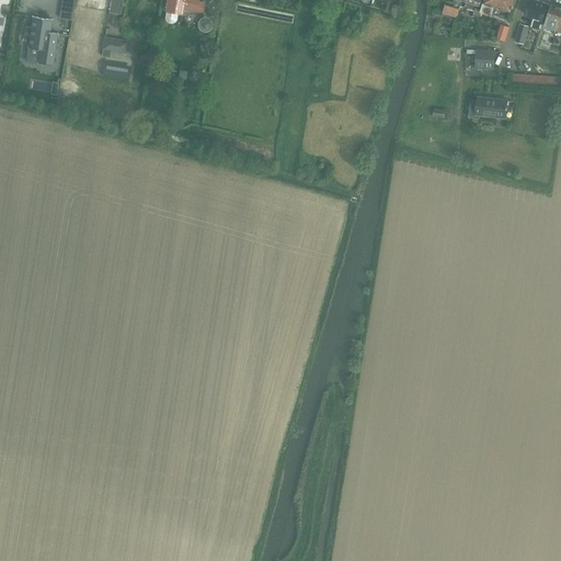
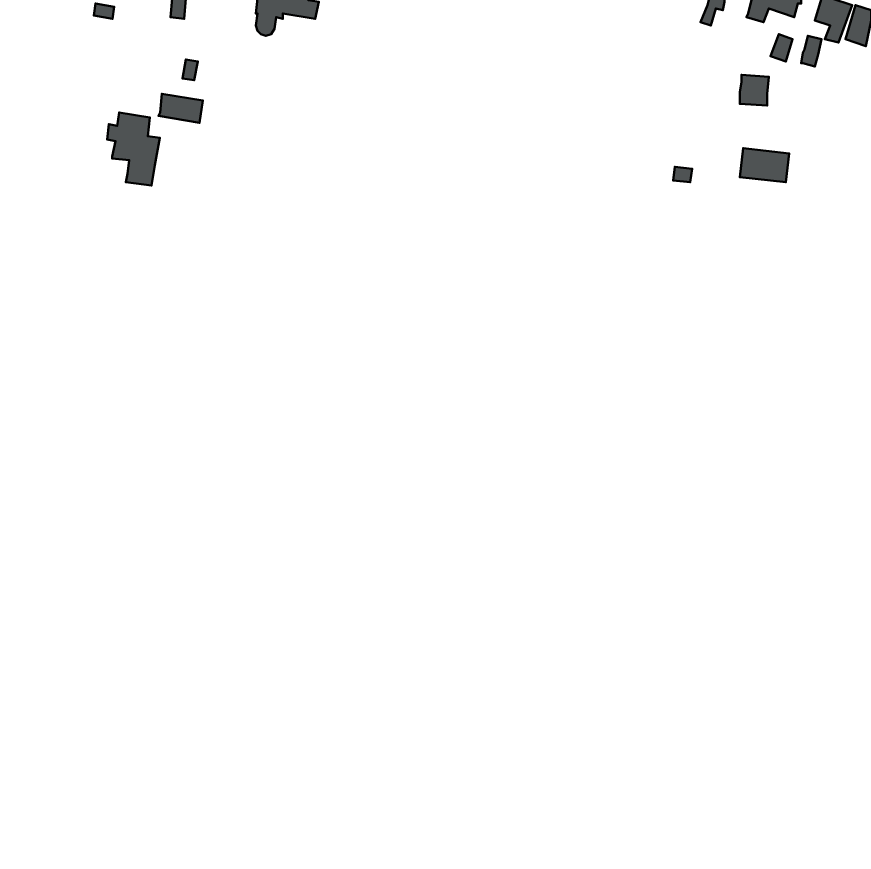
building: [24,16,58,64] -> [107,112,160,186]

